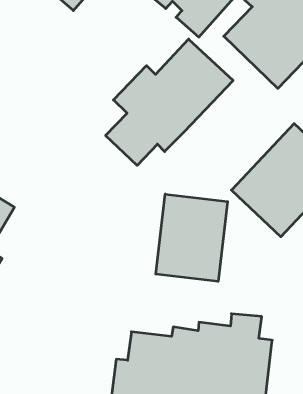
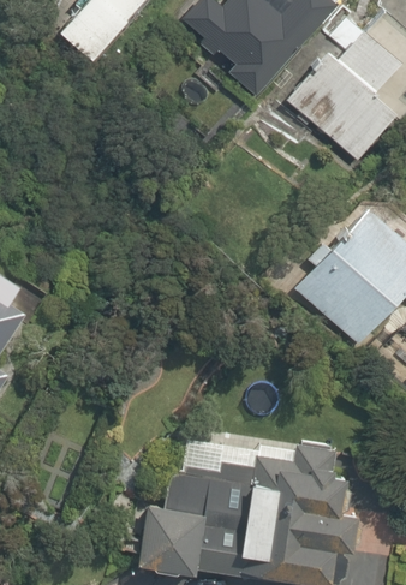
building: [106,39,233,165] -> none
building: [156,194,228,281] -> none

